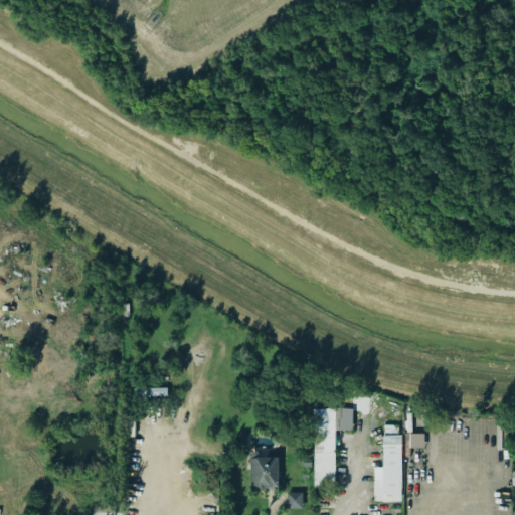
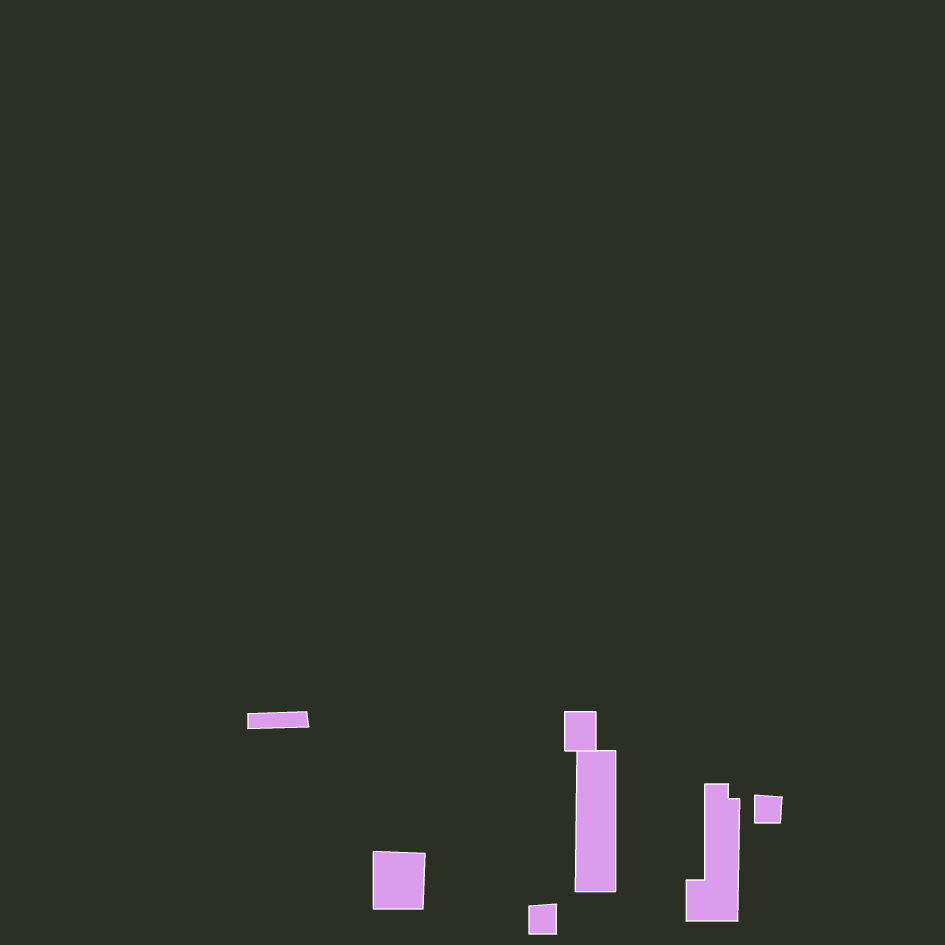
building: [336,408,353,430] -> [565,712,596,751]
building: [250,457,279,488] -> [373,852,425,909]

